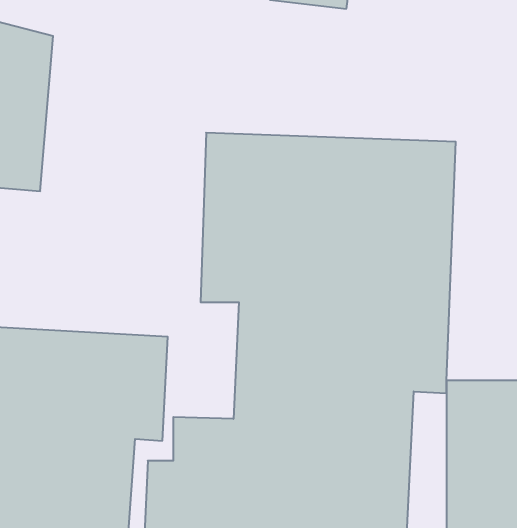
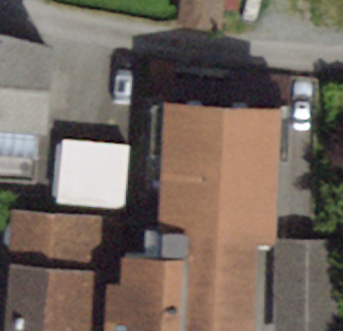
building: none -> [55,138,127,210]

